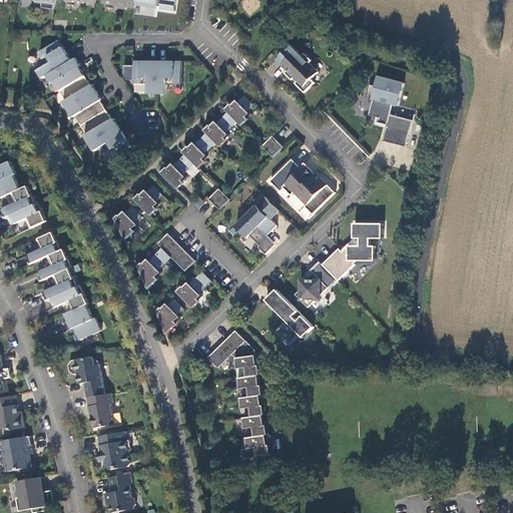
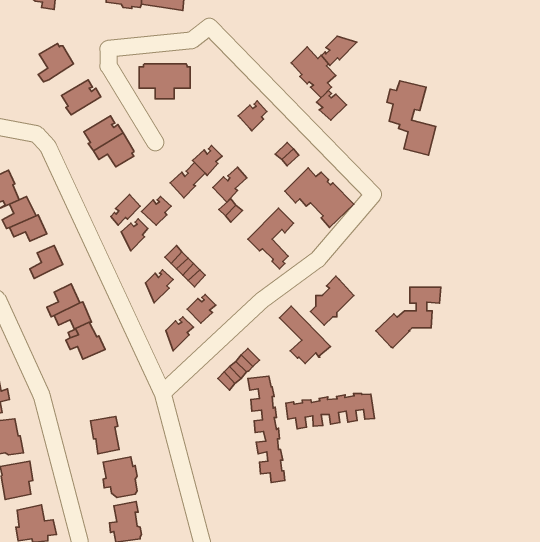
building: none -> [321,36,357,65]
building: [46,57,83,90] -> none
building: none -> [316,90,346,120]
building: [67,91,104,124] -> none
building: [203,111,235,144] -> [213,167,247,202]
building: none -> [111,194,140,225]
building: [320,222,381,280] -> [376,287,441,348]
building: [38,248,70,280] -> none
building: [67,356,103,397] -> none
building: none -> [286,393,375,429]

